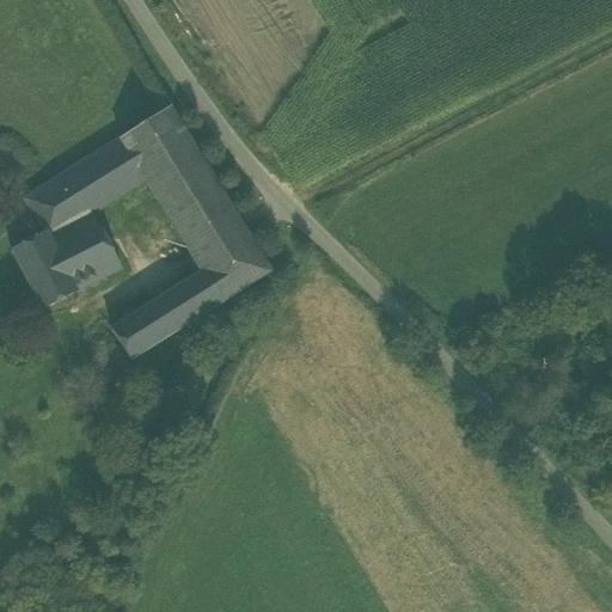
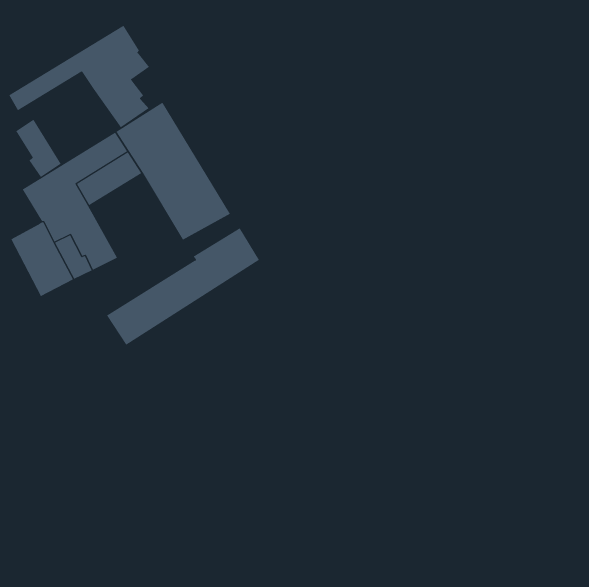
building: none -> [9,25,150,128]
building: none -> [15,119,62,178]
building: [190,221,250,265] -> none

